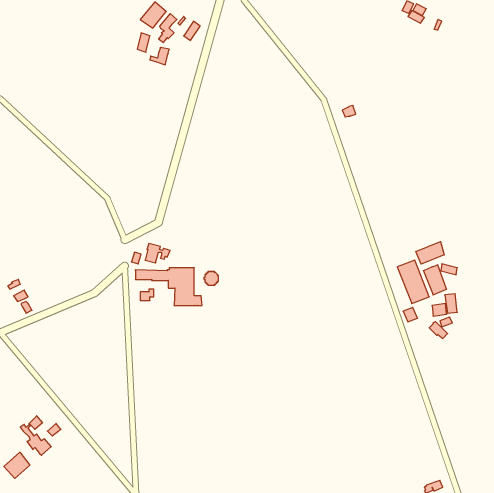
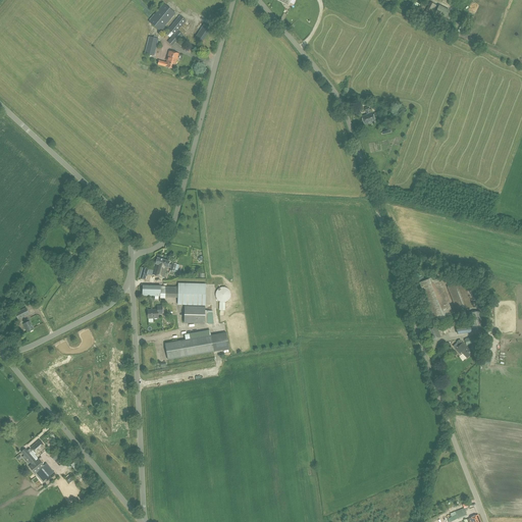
building: [416,242,444,264] -> none
building: none -> [164,329,228,359]
building: [4,452,30,478] -> none

